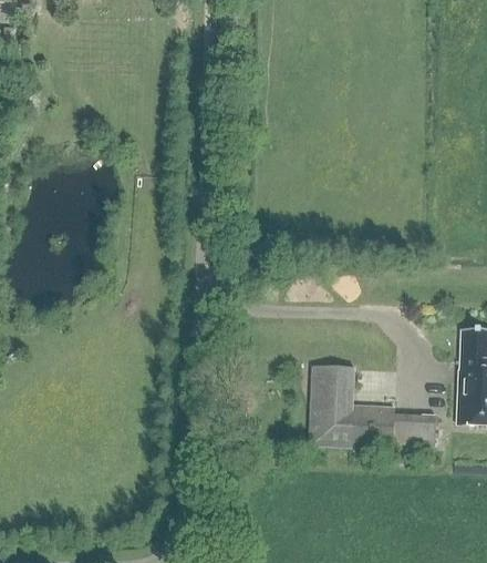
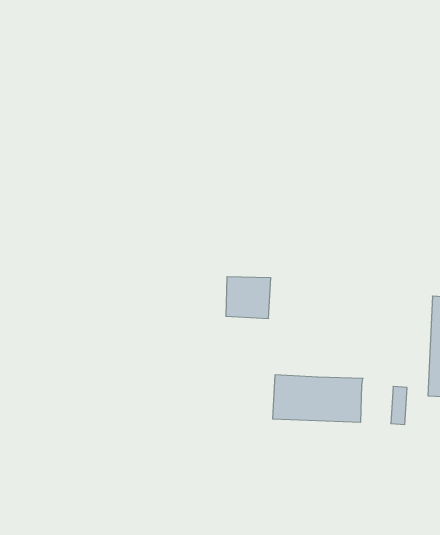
building: [310,365,353,405] -> [226,277,271,318]
building: [392,412,423,449] -> none

